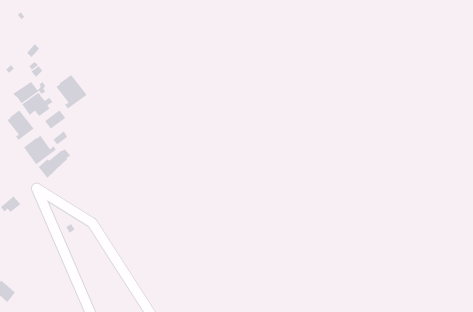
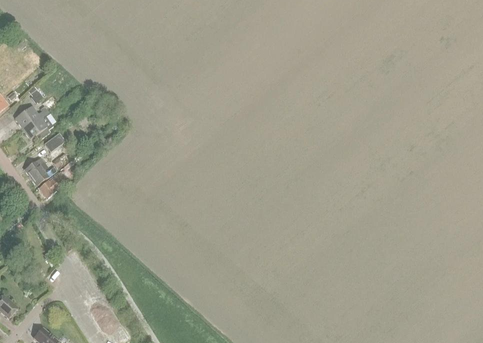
building: [55,74,87,109] -> none
building: [7,109,34,141] -> none

